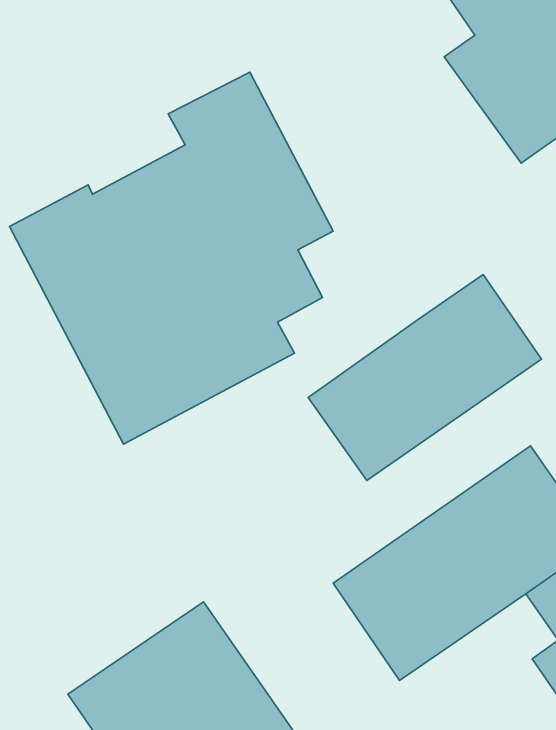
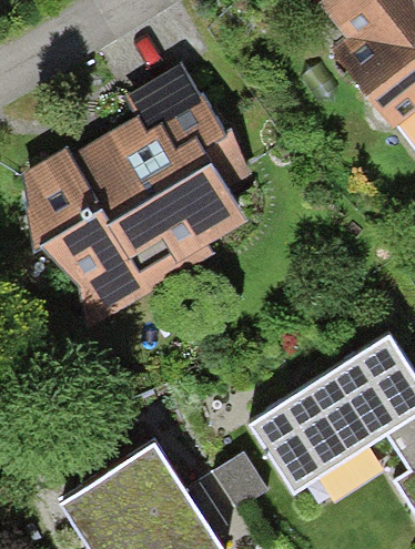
building: [308,275,542,481] -> none

